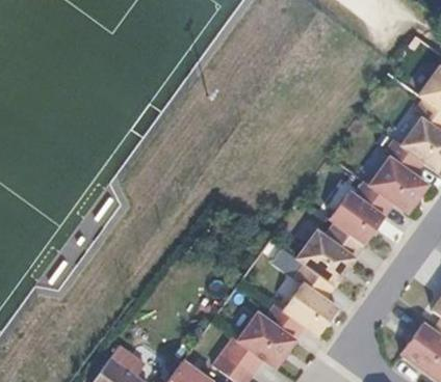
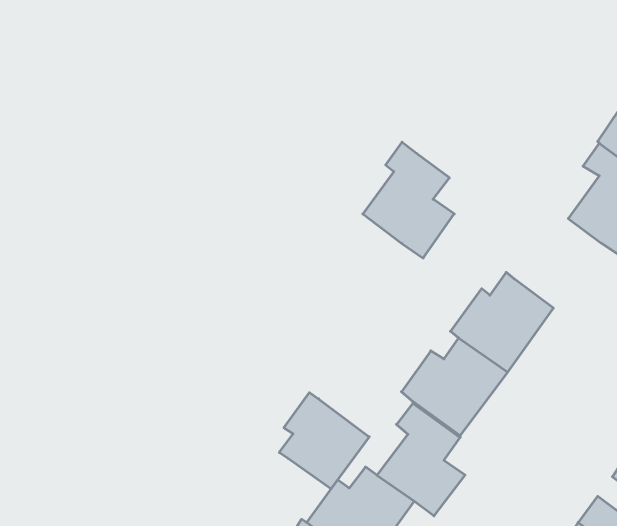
building: [369,139,427,213] -> [363,142,454,258]
building: none -> [279,393,369,489]

